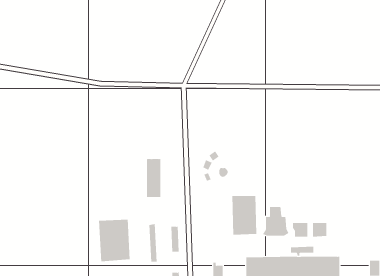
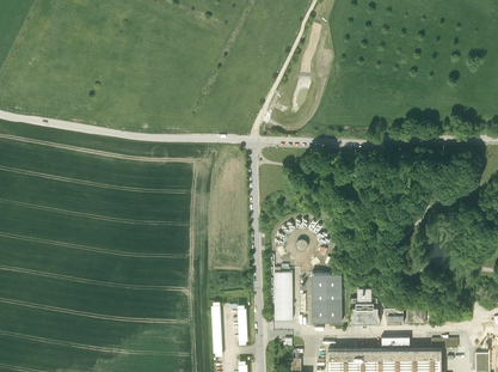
building: [146,159,161,197] -> [273,273,291,319]
building: [99,219,130,262] -> none

